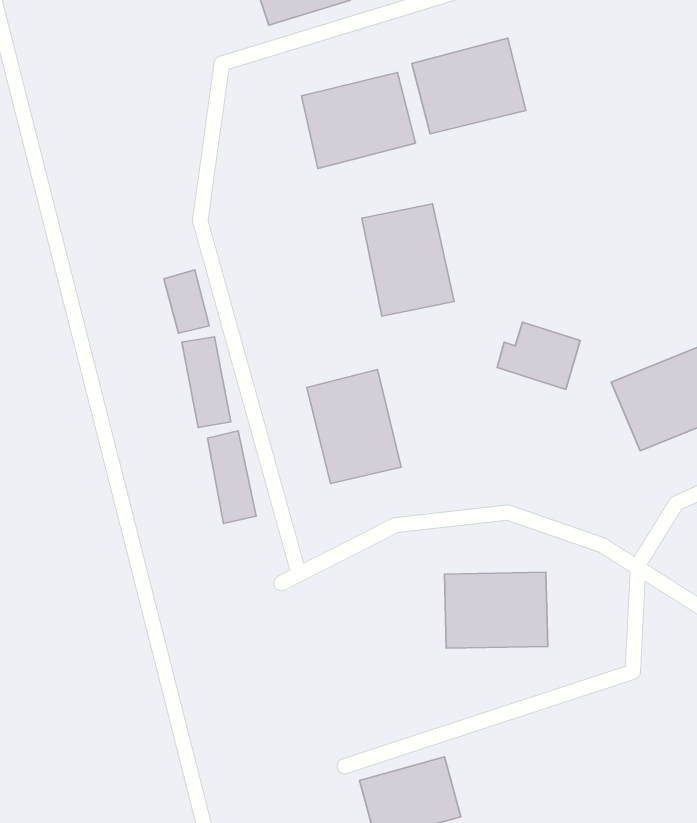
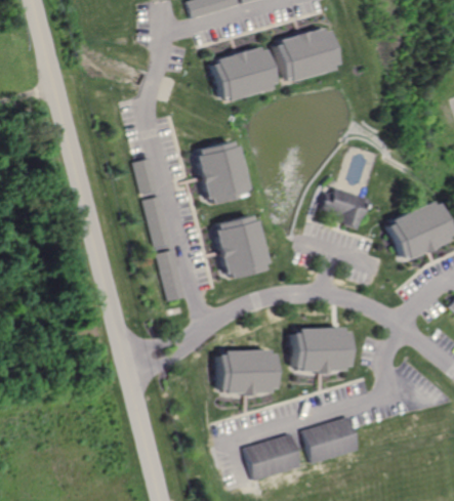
building: [362,204,454,316] -> [196,140,248,204]
building: none -> [218,349,276,393]
building: none -> [302,416,360,463]

